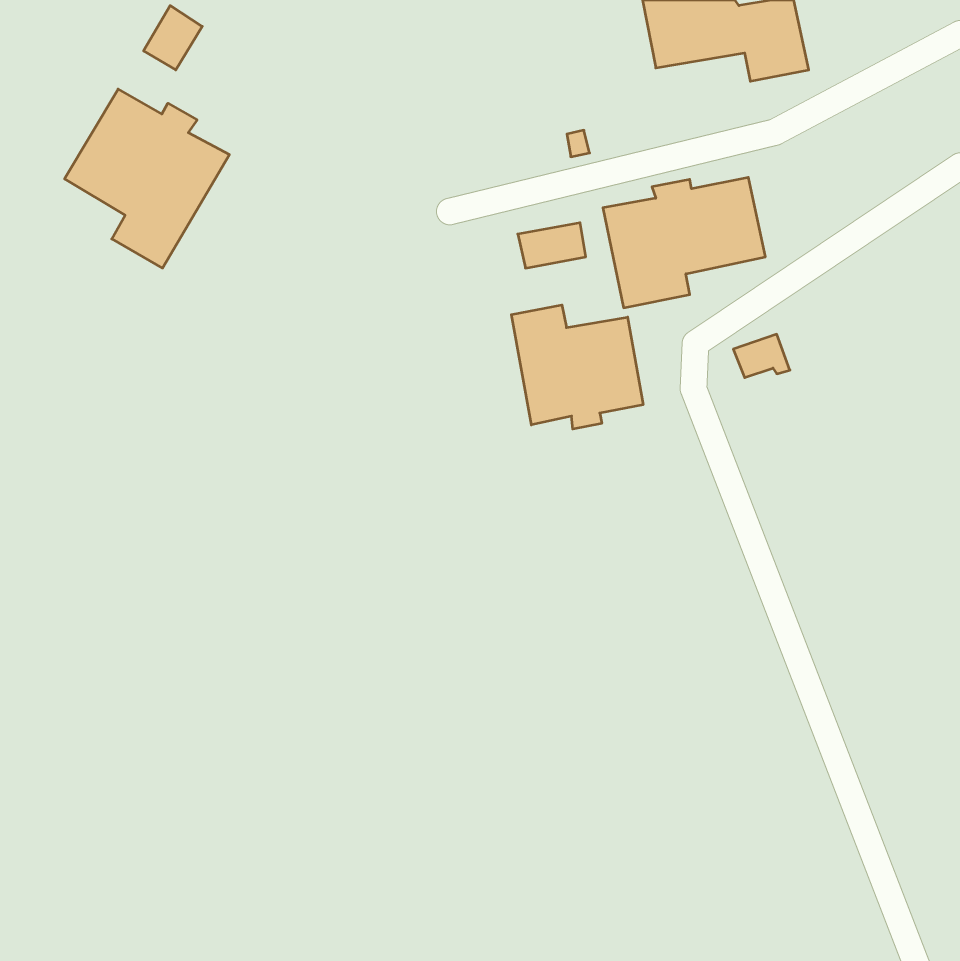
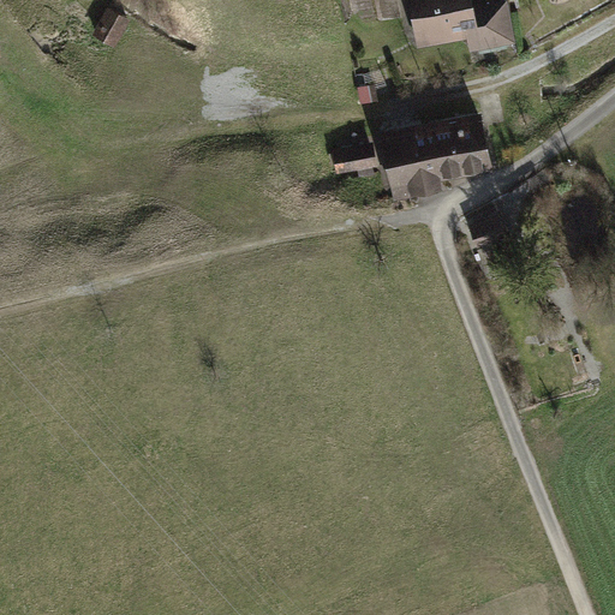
building: [65,89,229,268] -> none
building: [511,305,643,429] -> none

